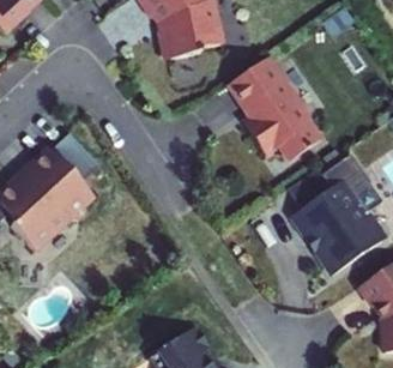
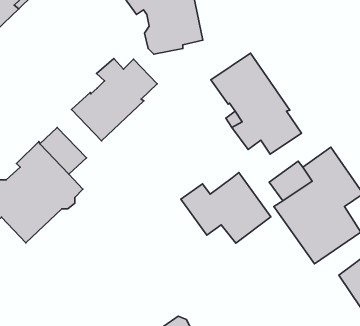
building: none -> [71,58,157,141]
building: none -> [181,172,271,243]

